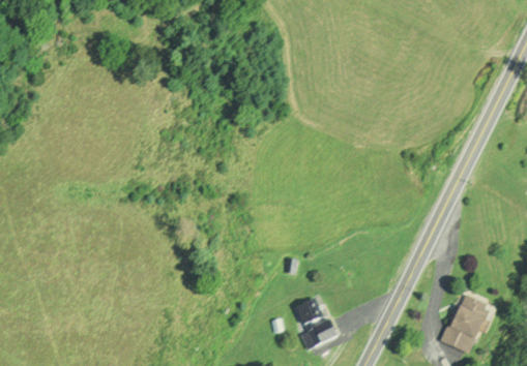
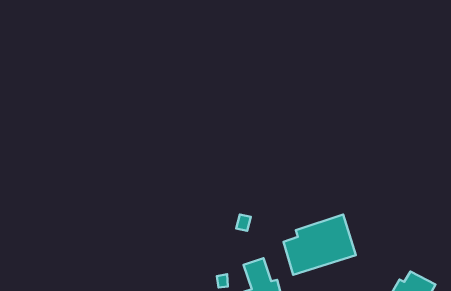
building: none -> [284,215,356,275]

